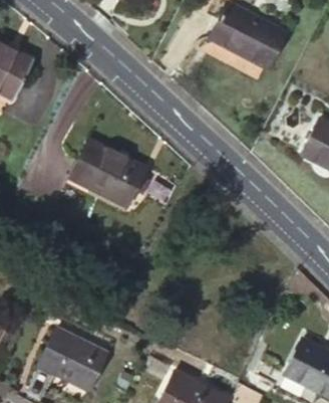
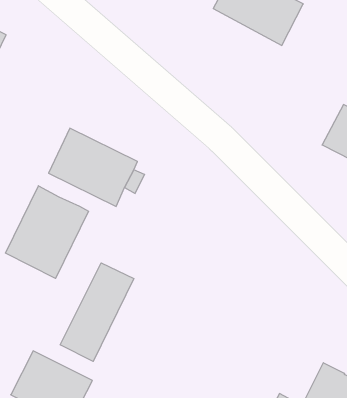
building: none -> [5,186,89,278]
building: none -> [60,263,134,361]

